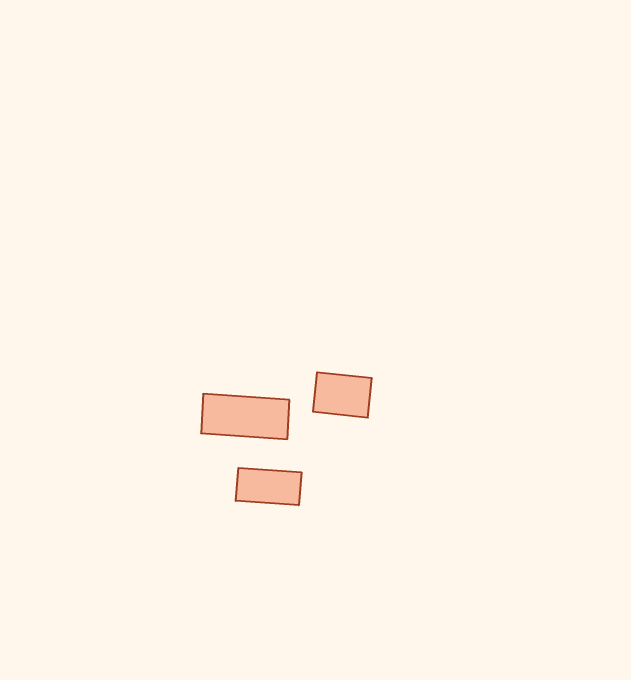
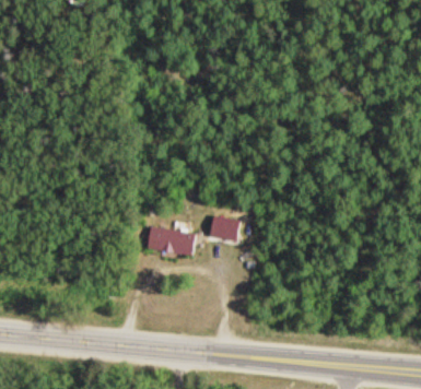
building: [236,468,301,505] -> none

